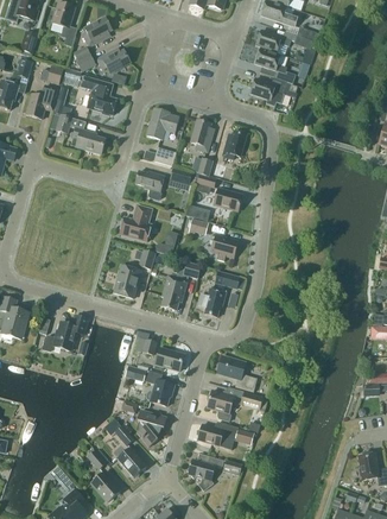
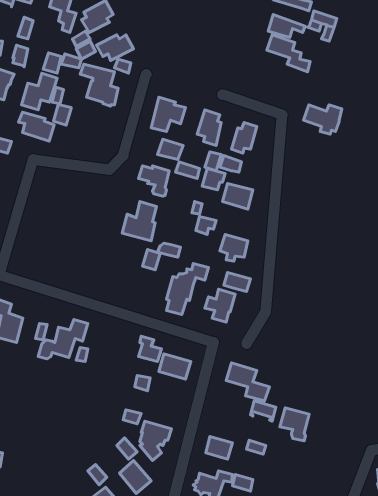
building: [250,78,286,106] -> [304,105,342,134]
building: [72,127,106,154] -> [19,112,54,141]
building: [114,265,141,298] -> none
building: [146,369,175,406] -> none
building: [207,390,234,420] -> [280,408,309,441]

